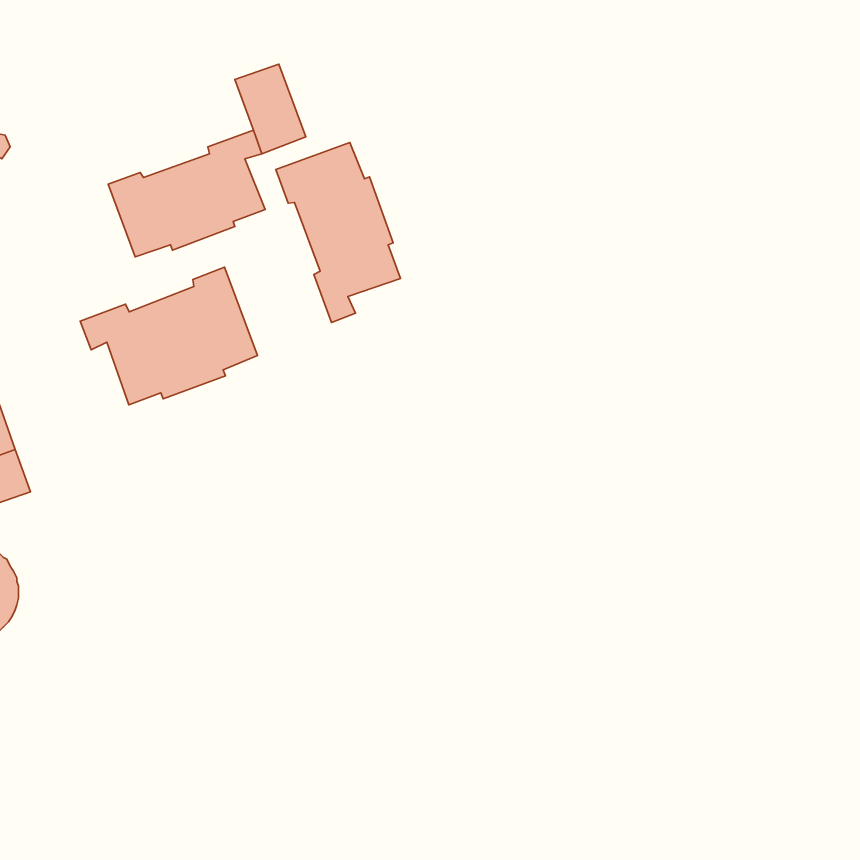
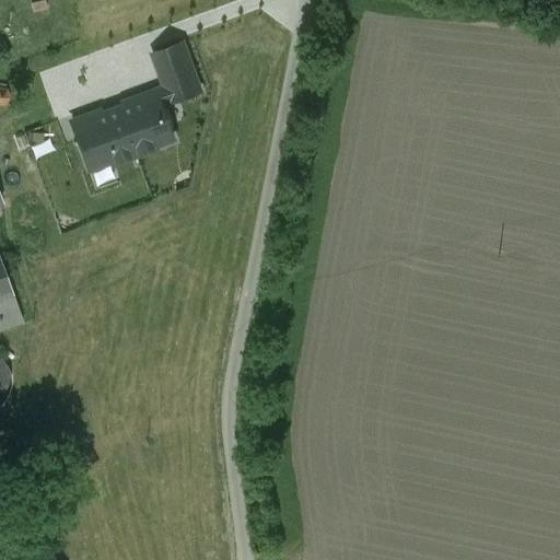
building: [276,143,401,322] -> none
building: [80,267,257,405] -> none

